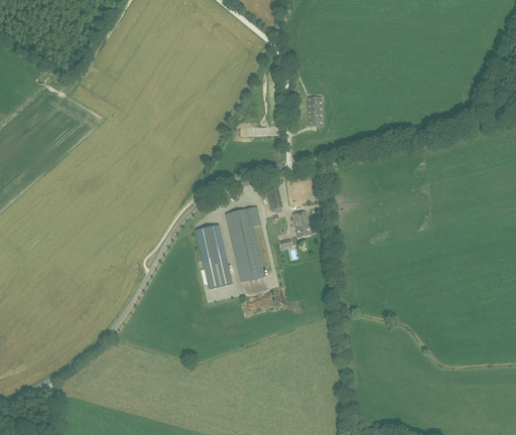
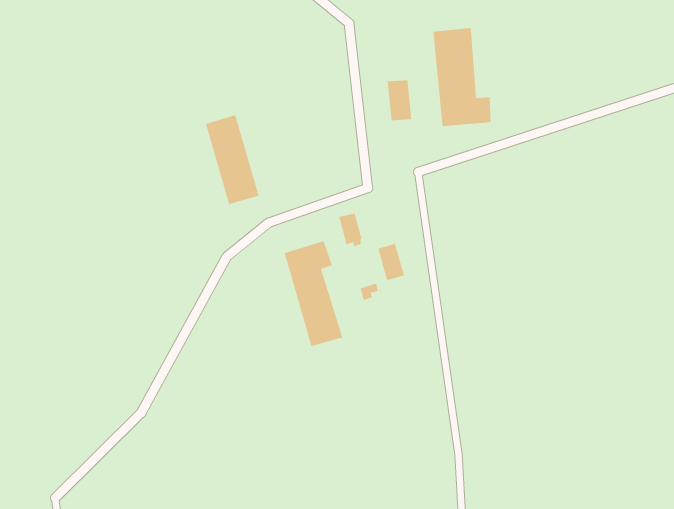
building: none -> [433,27,491,127]
building: [196,226,231,289] -> [205,115,259,205]

